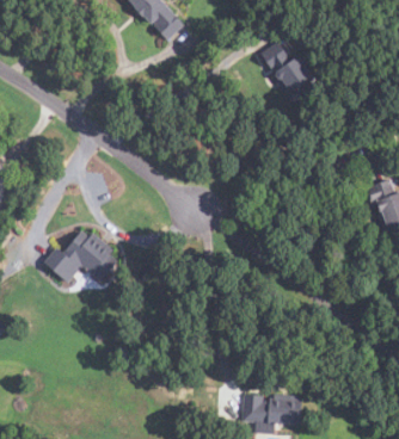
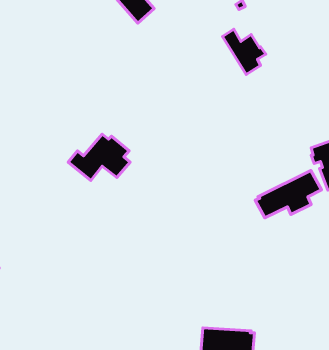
building: none -> [255,170,321,218]
building: [42,229,113,283] -> [68,134,130,181]

